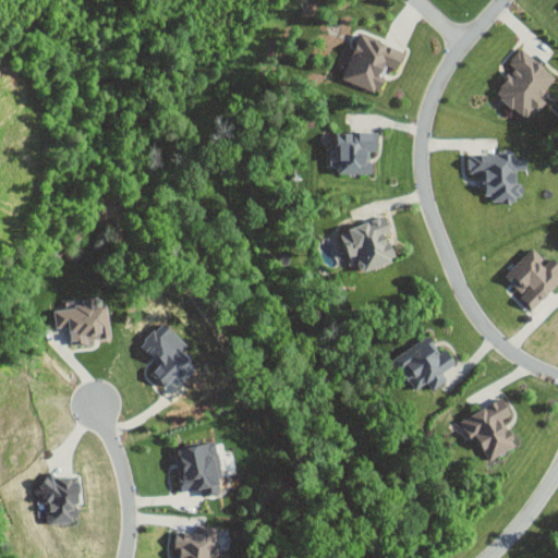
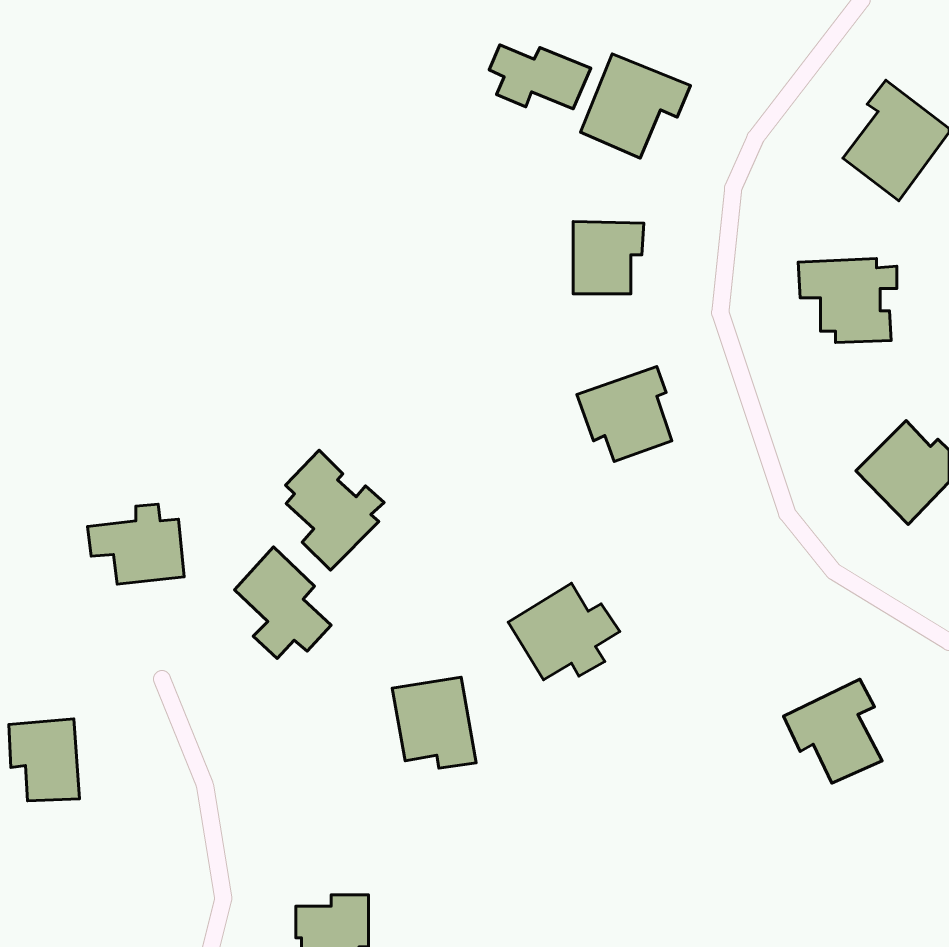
building: none -> [489,45,591,109]
building: none -> [285,450,384,570]
building: [390,337,456,393] -> [508,583,620,680]
building: [172,444,221,497] -> [392,677,476,768]
building: [36,477,77,525] -> [9,719,80,801]

